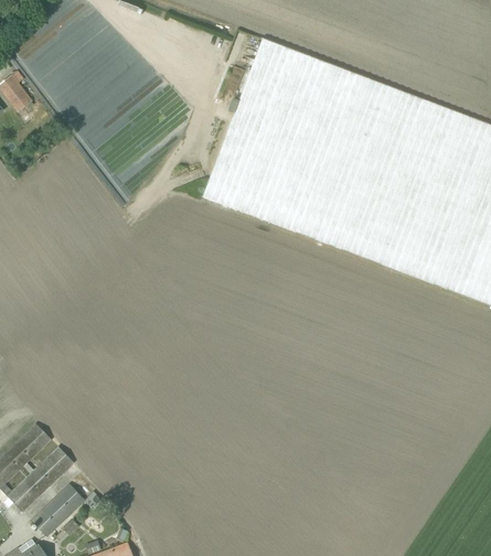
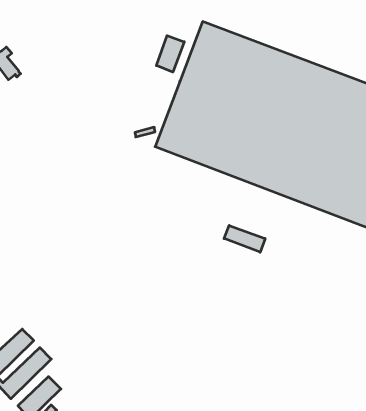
building: none -> [156,36,184,72]
building: none -> [224,225,265,252]

